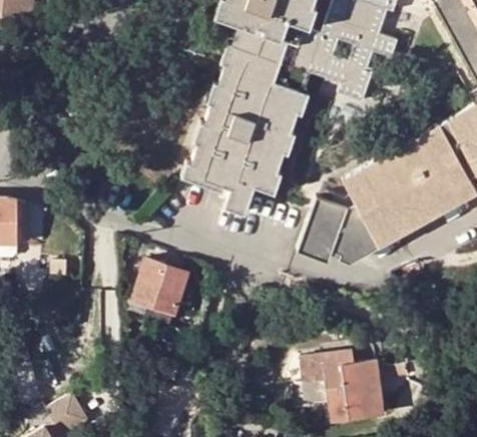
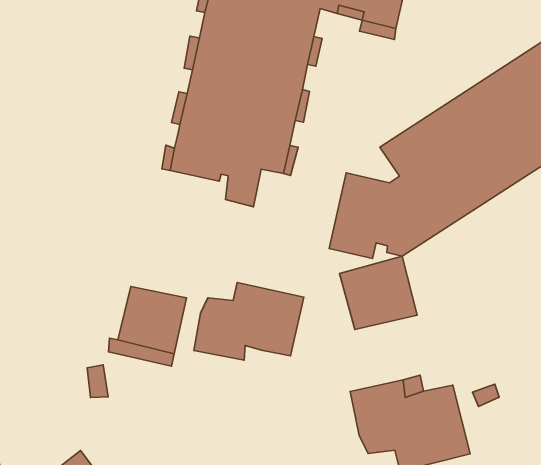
building: none -> [340,256,417,330]
building: none -> [194,282,304,360]

